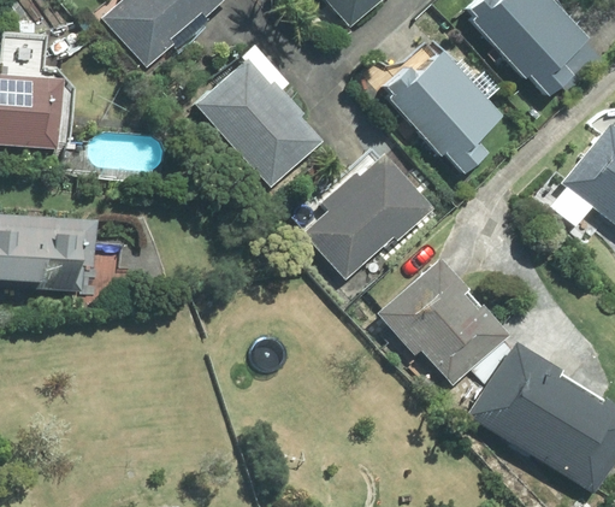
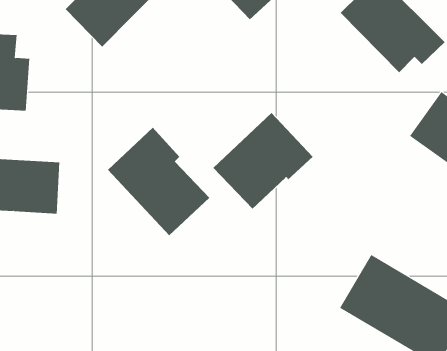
building: [380,41,504,179] -> none
building: [190,46,326,190] -> [107,127,210,236]
building: [377,257,510,390] -> none

